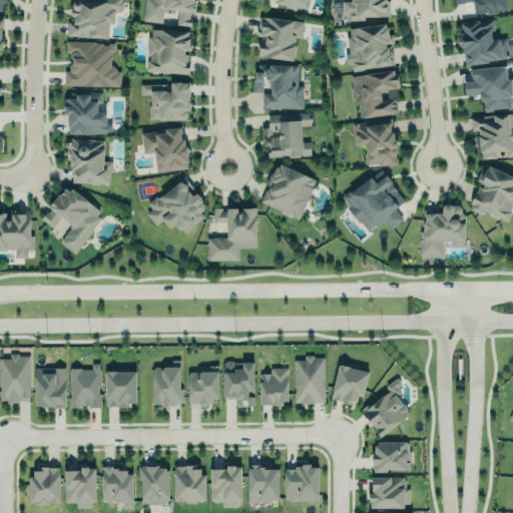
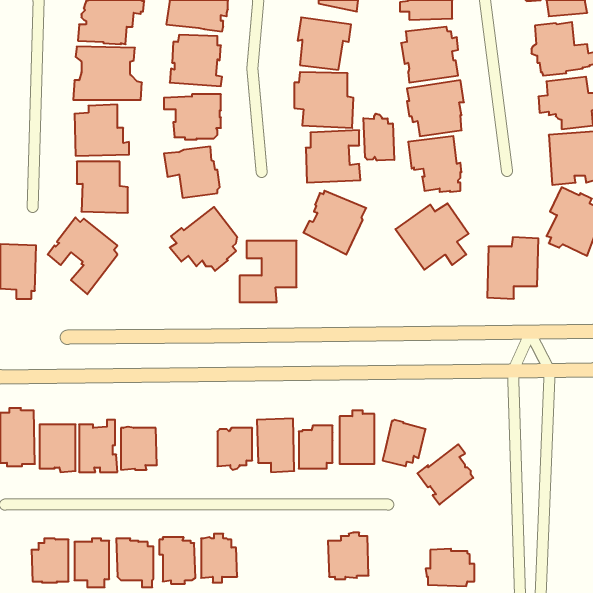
building: none -> [363,114,394,161]
building: [151,364,184,408] -> none
building: [374,442,411,472] -> none
building: [209,461,241,505] -> none
building: [247,463,279,502] -> none

